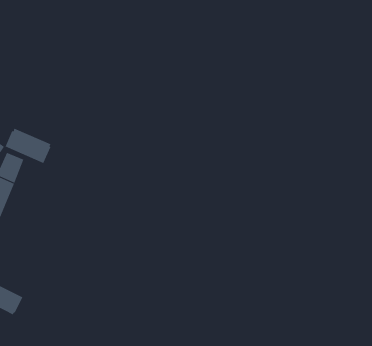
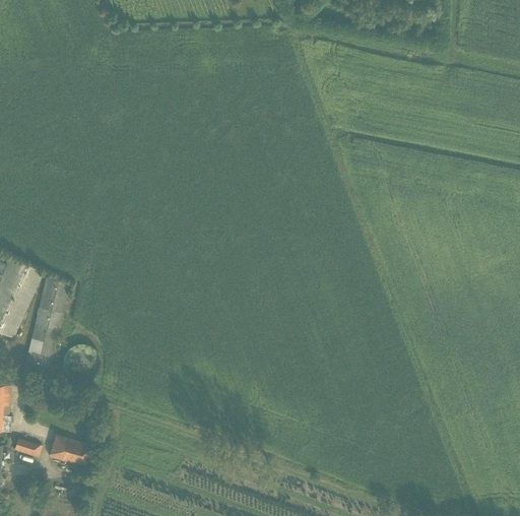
building: [5,128,51,164] -> none

